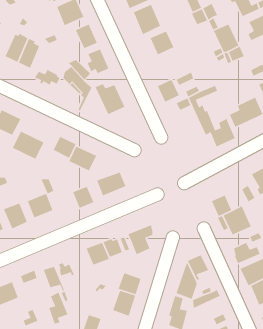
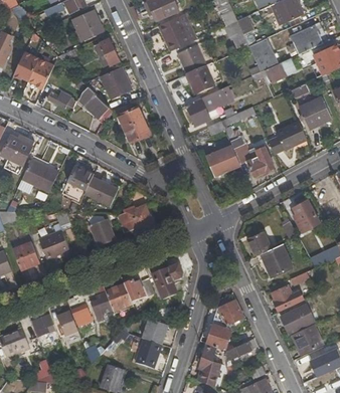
building: none -> [186,65,214,94]
building: none -> [206,146,240,176]
building: [48,292,68,325] -> [90,284,113,322]

